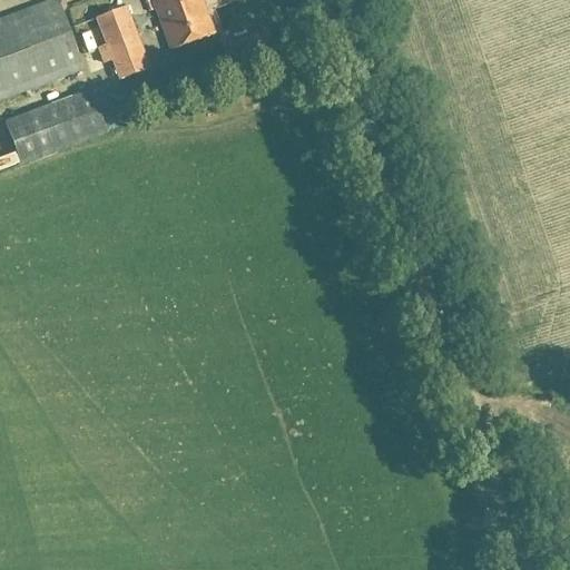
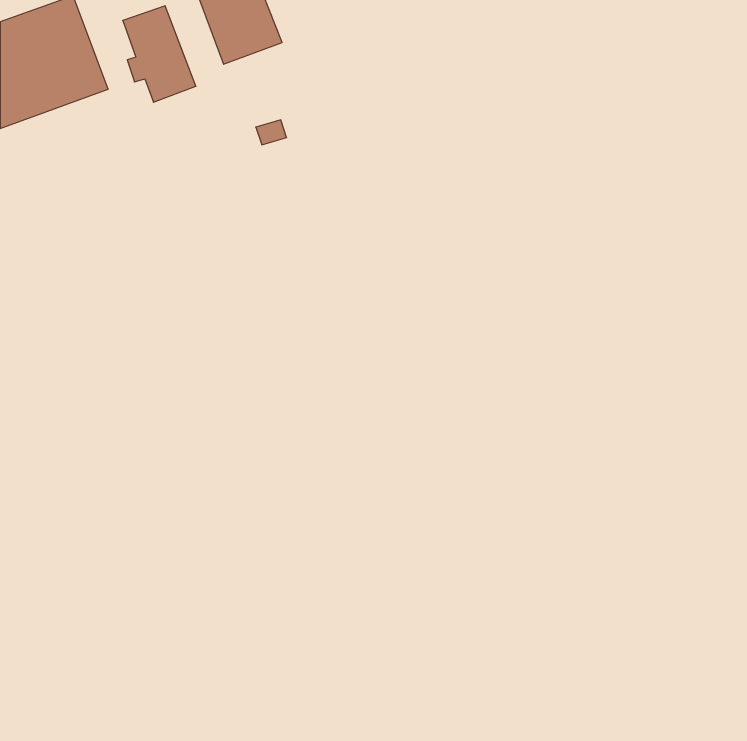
building: [4,88,106,163] -> none

